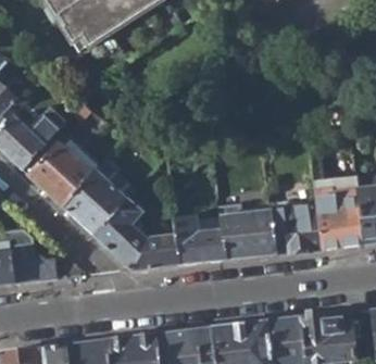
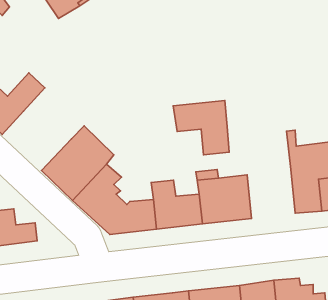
building: none -> [173,100,229,155]
building: [26,141,91,204] -> none
building: [271,203,319,253] -> none

